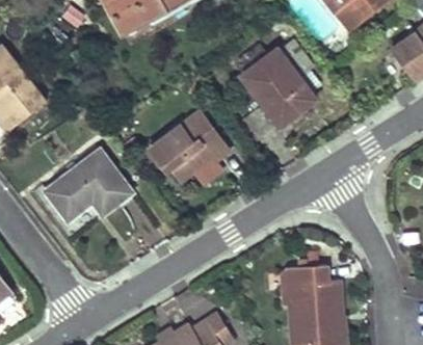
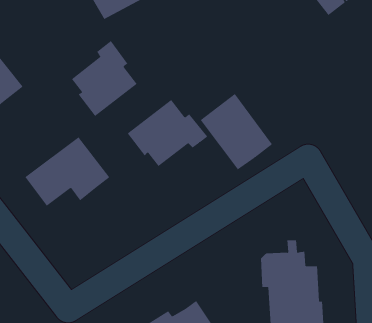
building: [241,49,314,126] -> [200,93,273,170]
building: none -> [71,40,138,117]

